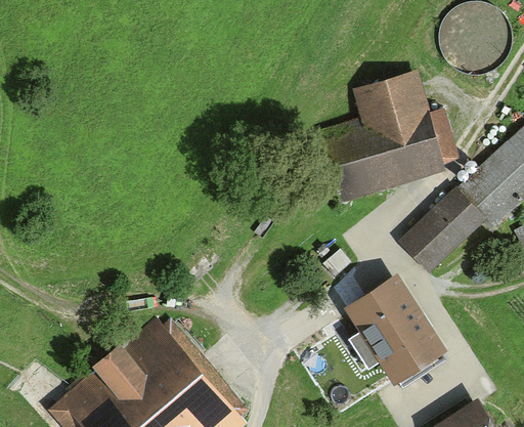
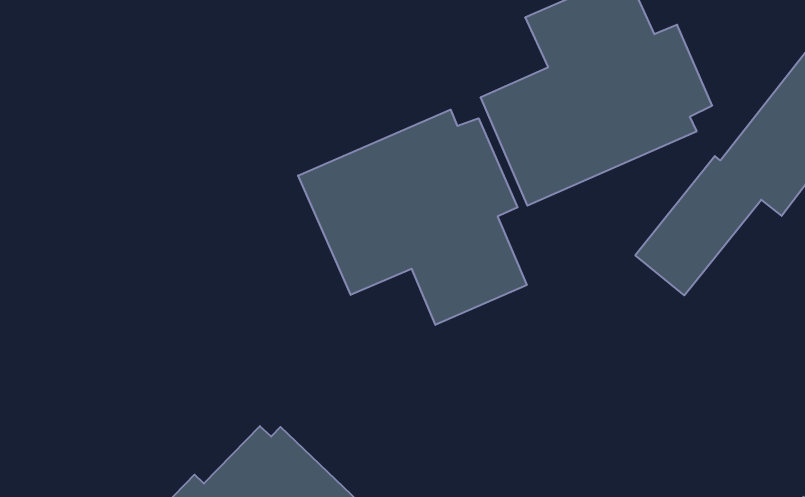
building: none -> [298,110,527,325]
building: [344,270,445,379] -> none

